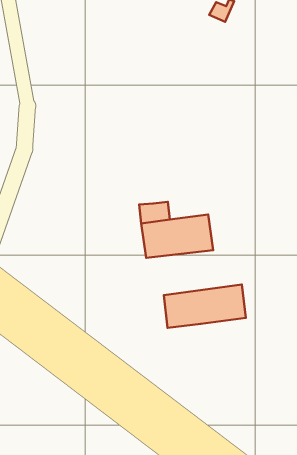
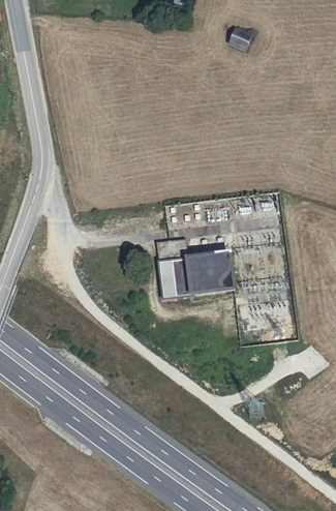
building: [164,285,246,328] -> none

